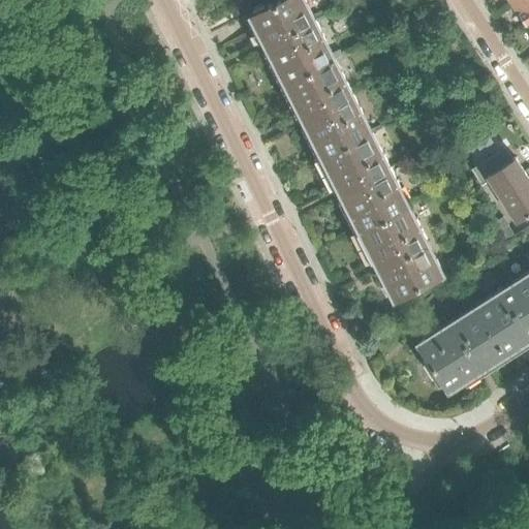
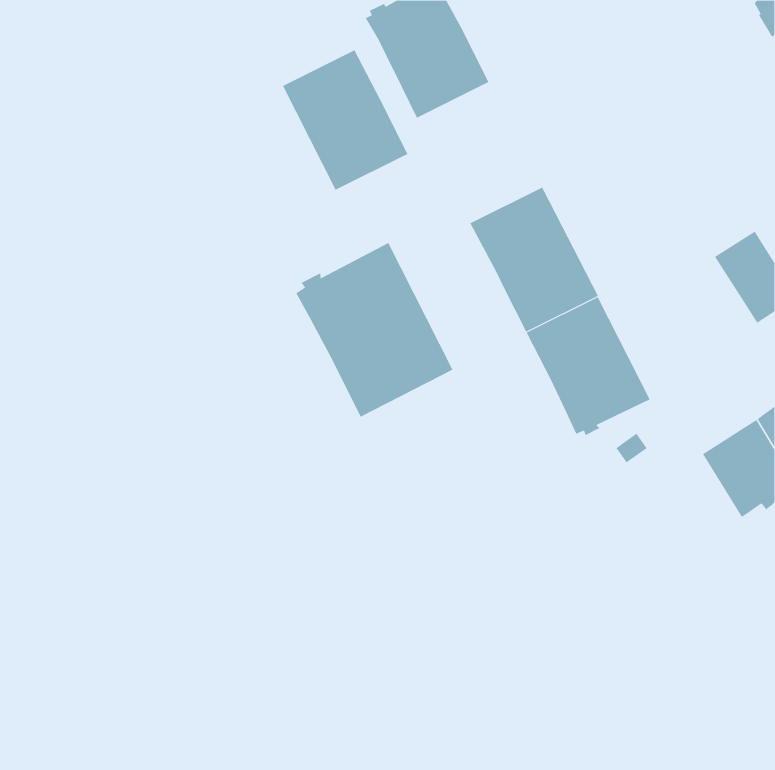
building: [283,60,369,156] -> [282,49,408,191]
building: none -> [295,242,454,418]
building: [416,313,504,393] -> none

